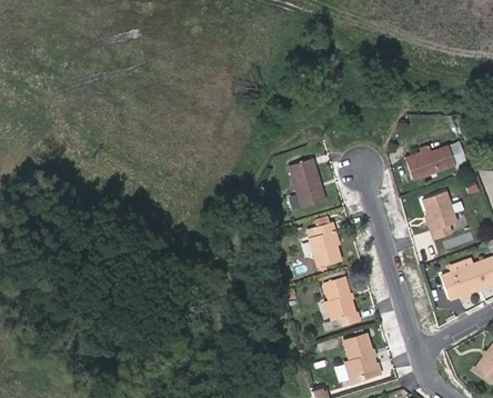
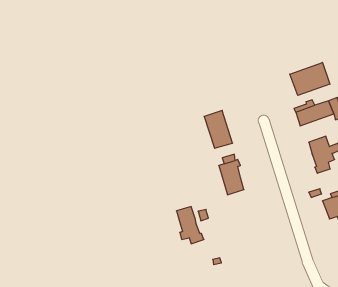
building: none -> [290,62,330,95]
building: [325,278,361,326] -> [176,207,204,244]
building: [345,335,380,381] -> none

